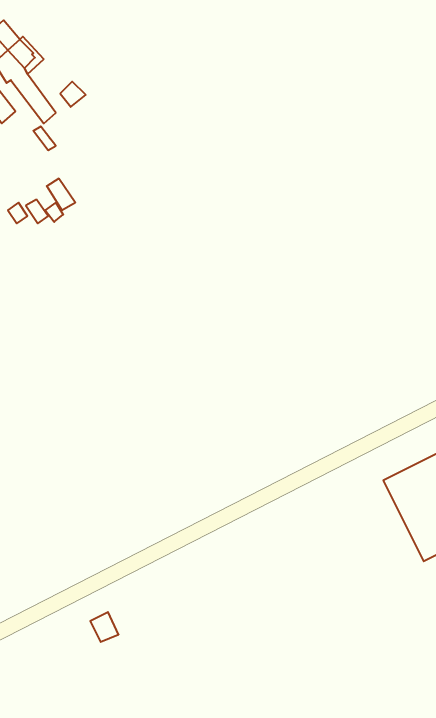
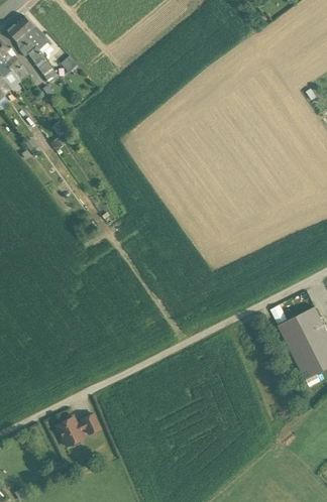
building: none -> [54,416,83,446]

